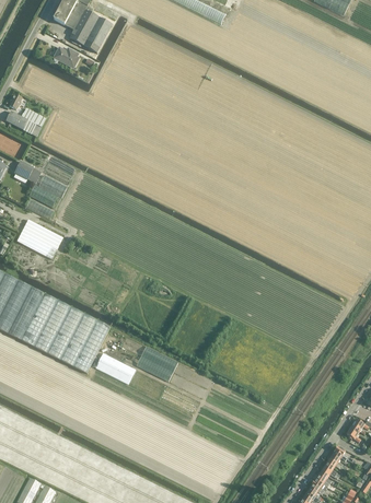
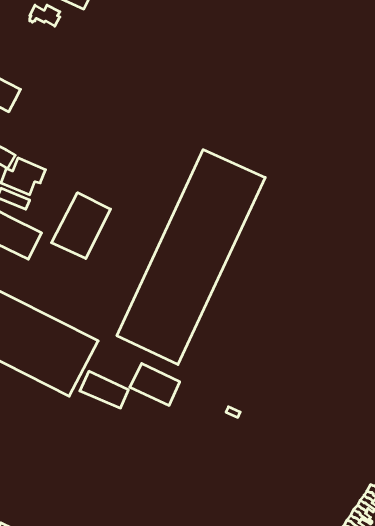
building: none -> [117,150,265,365]
building: none -> [51,193,111,259]

